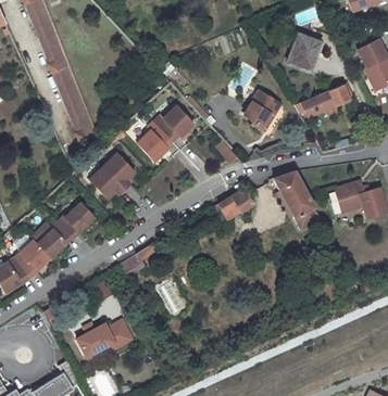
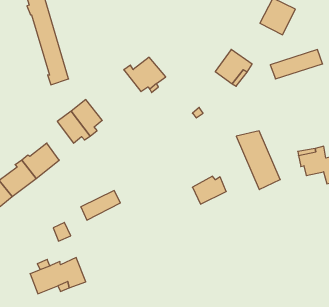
building: [136,120,172,163] -> none
building: [218,191,253,220] -> [192,176,226,204]

